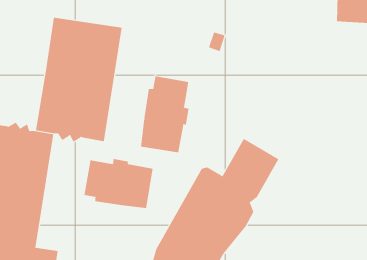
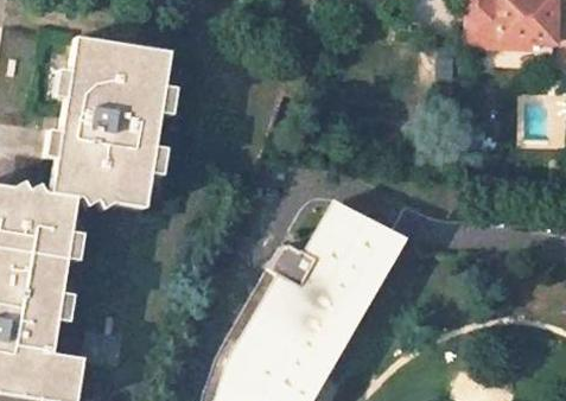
building: [141,75,189,153] -> none
building: [84,158,153,209] -> none

